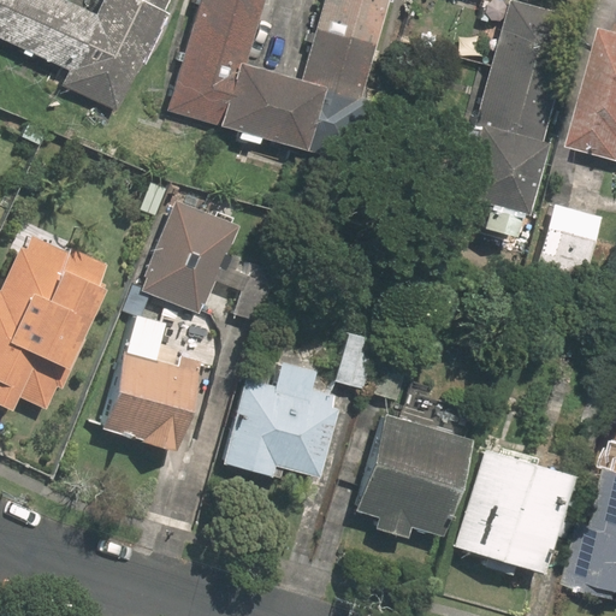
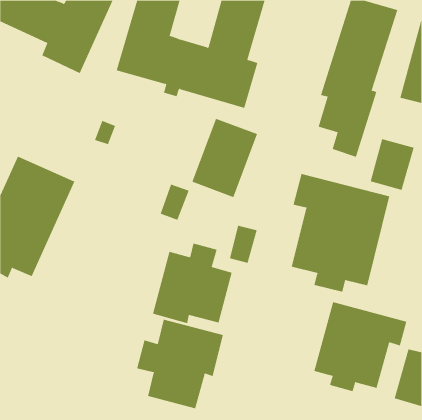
building: [141,197,237,313] -> [192,118,258,198]
building: none -> [291,173,390,293]
building: [101,312,214,484] -> none
building: [356,392,475,534] -> none
building: none -> [137,319,223,409]

